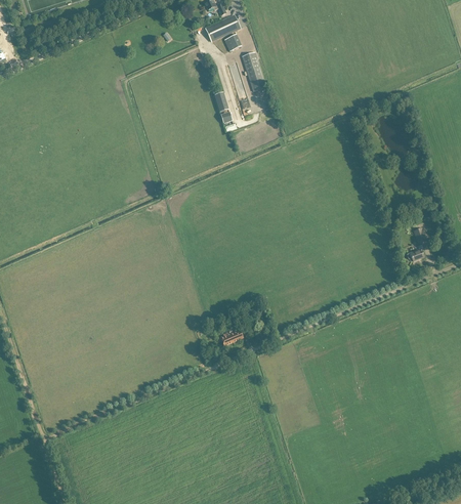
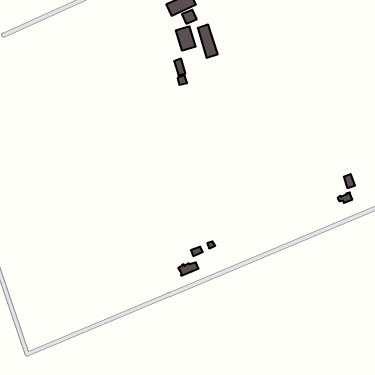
building: none -> [176,26,196,51]

